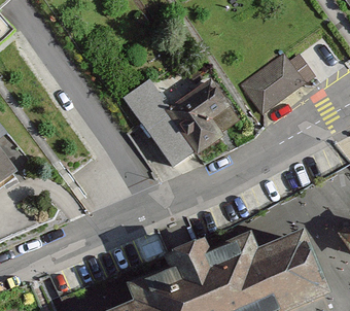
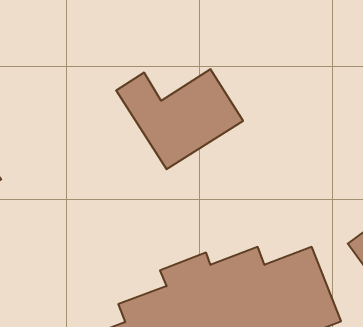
building: [238,50,302,110] -> none

